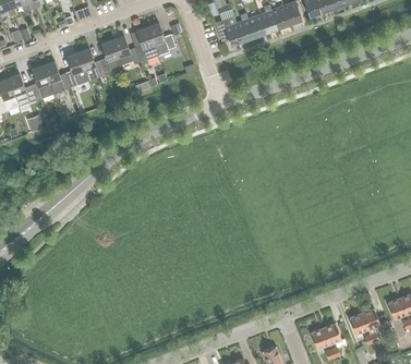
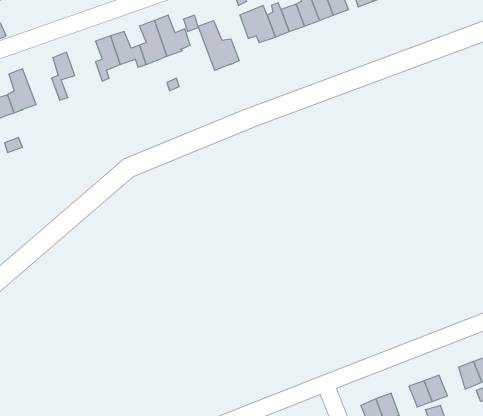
building: none -> [198,21,239,70]
building: [77,48,106,82] -> none
building: [43,61,71,94] -> none

